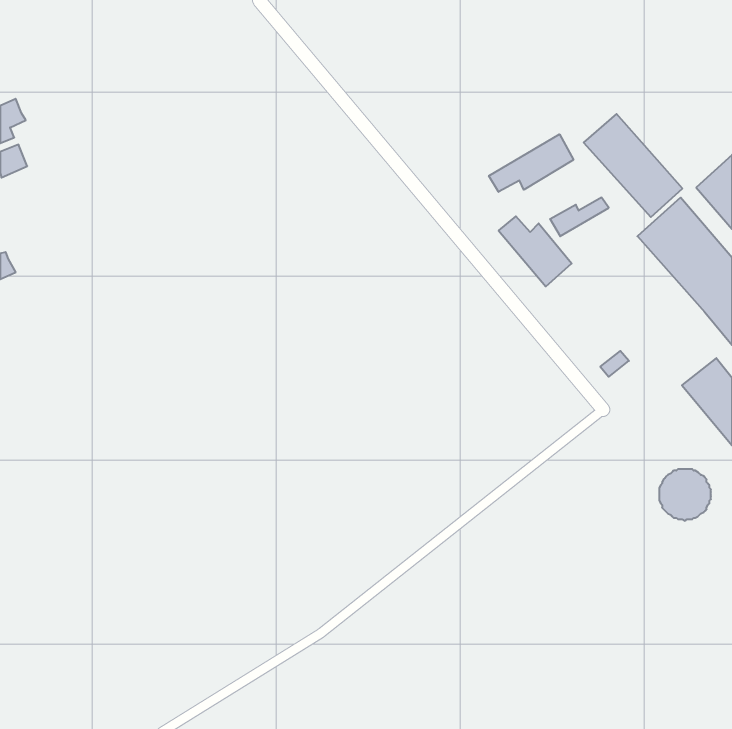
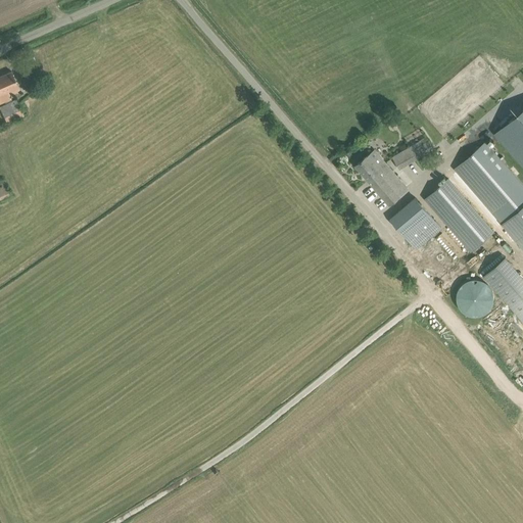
building: [584,114,682,217] -> [424,180,494,253]
building: [489,134,573,192] -> none
building: none -> [390,198,442,250]
building: [659,469,711,521] -> [459,279,495,316]

